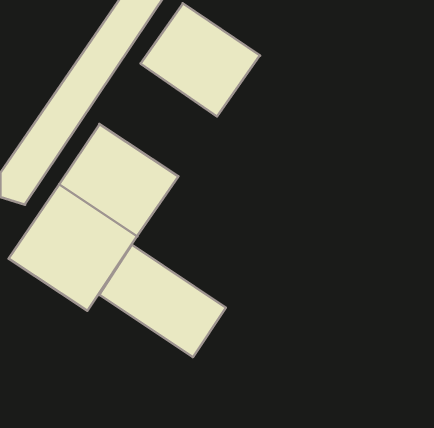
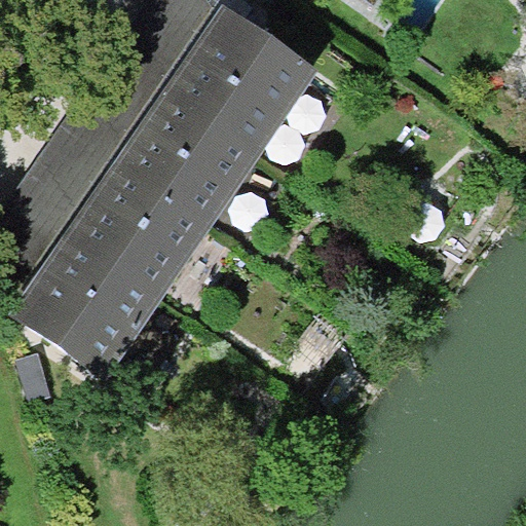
building: none -> [124,76,265,212]
building: [99,245,226,357] -> none

